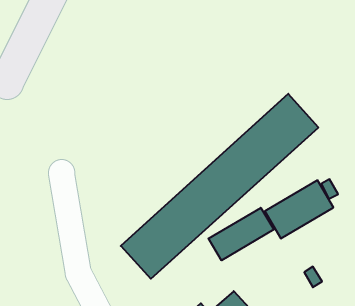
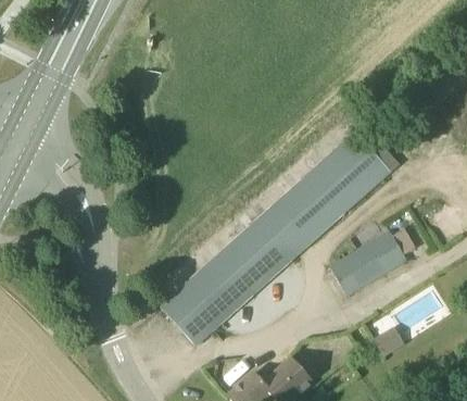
building: [208,208,274,260] -> none

